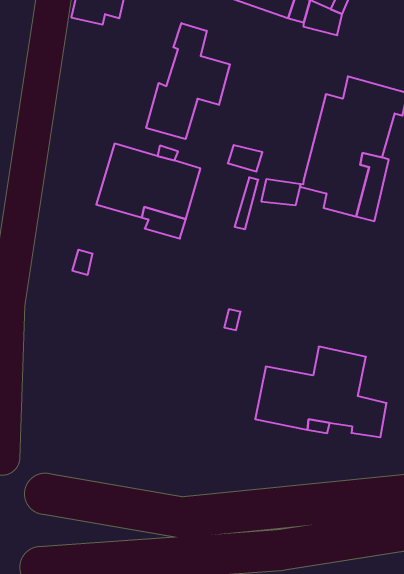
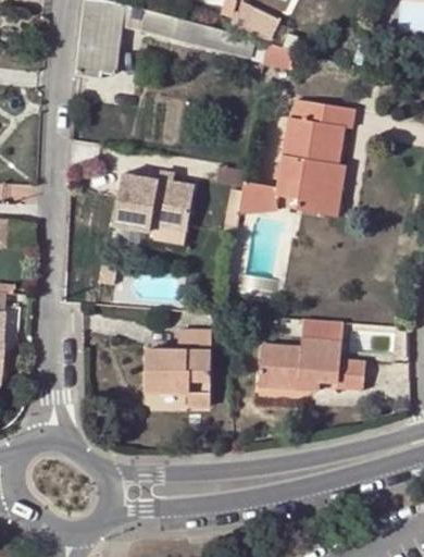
building: [146,23,230,139] -> none
building: none -> [146,331,211,408]

